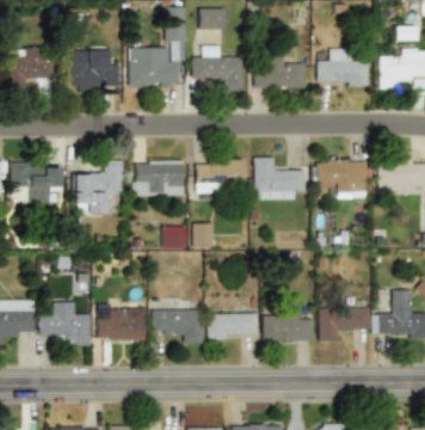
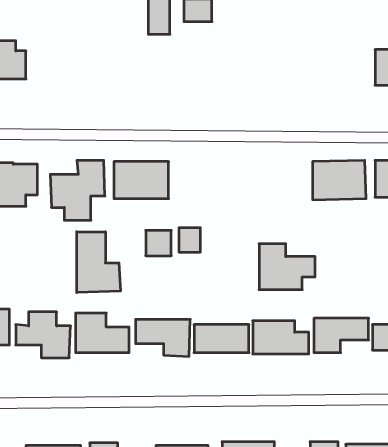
building: [191,45,244,91] -> none
building: [129,47,180,88] -> none
building: [315,48,368,86] -> none
building: [67,55,119,88] -> none
building: [253,59,304,90] -> none
building: [254,158,307,201] -> [259,244,315,290]
building: [196,161,245,194] -> none
building: none -> [77,232,120,293]

